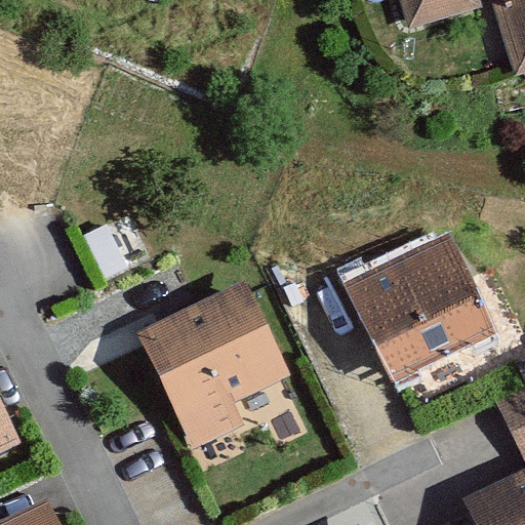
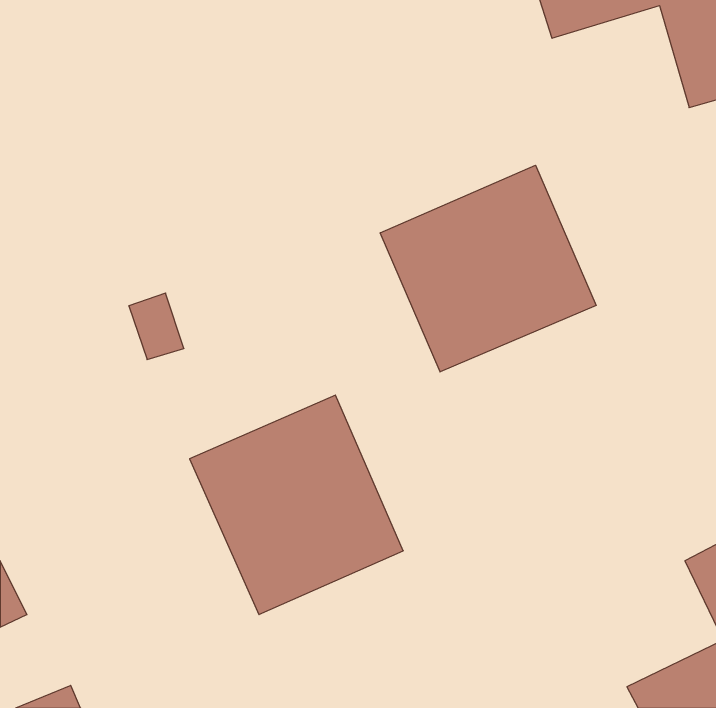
building: none -> [380,165,596,372]
building: [339,232,493,382] -> none

